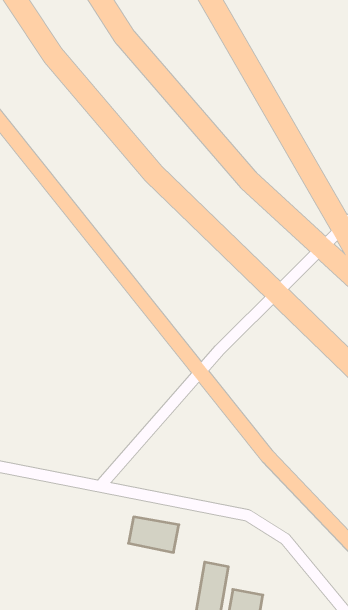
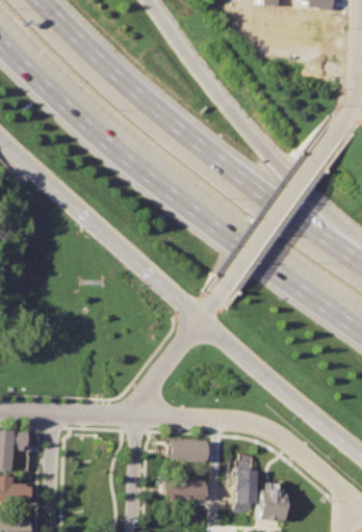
building: none -> [164,478,204,502]

